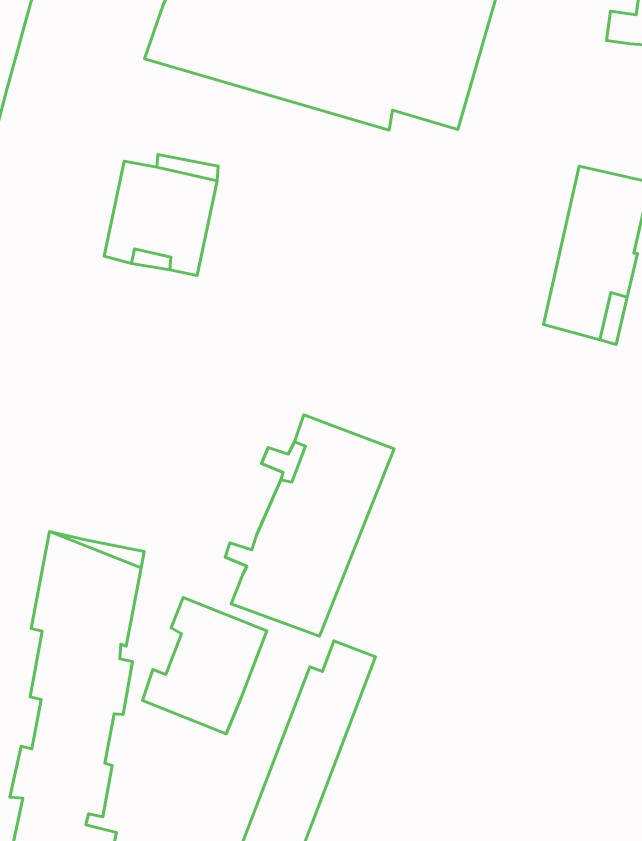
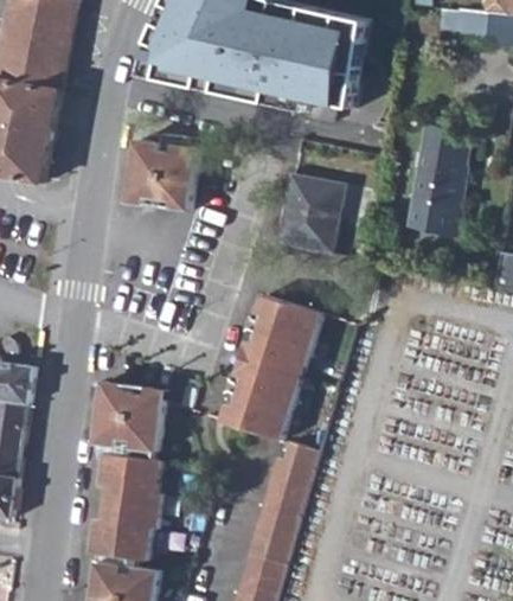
building: none -> [274,175,340,256]
building: [142,597,267,734] -> none

